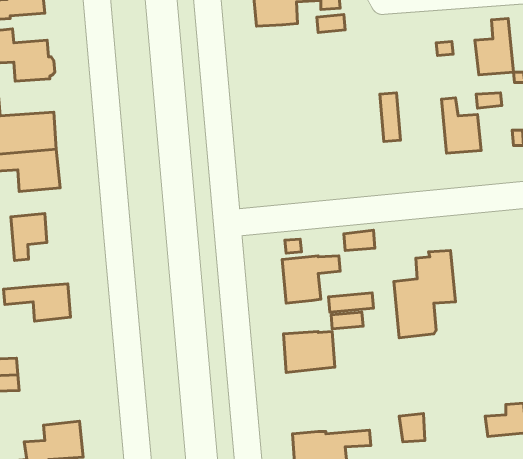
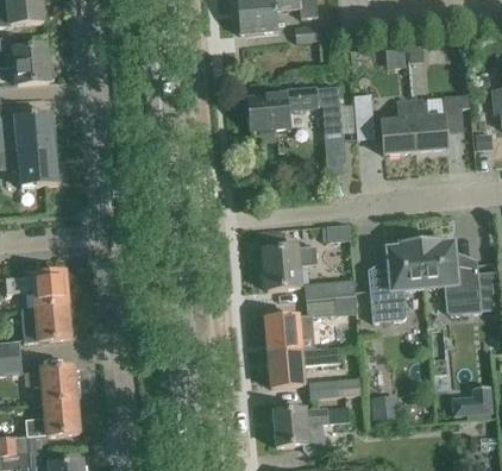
building: [475,18,513,75] -> [381,100,416,152]
building: none -> [249,86,343,150]
building: [11,214,47,261] -> none
building: none -> [420,238,482,314]
building: none -> [21,302,71,341]
building: none -> [268,346,339,387]
building: none -> [27,365,76,402]
building: none -> [313,376,363,397]

